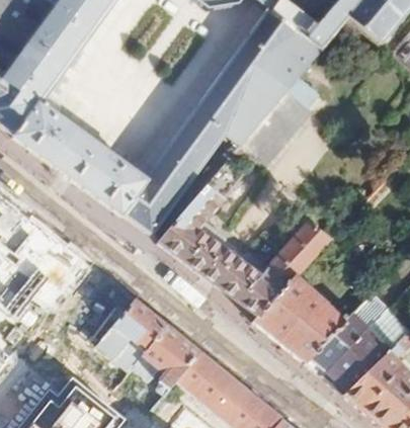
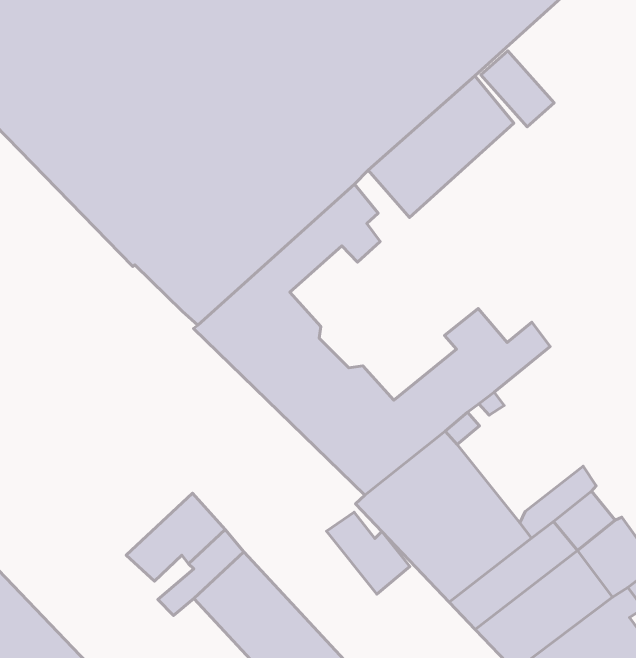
building: [102,299,170,370] -> none
building: none -> [326,512,410,594]

